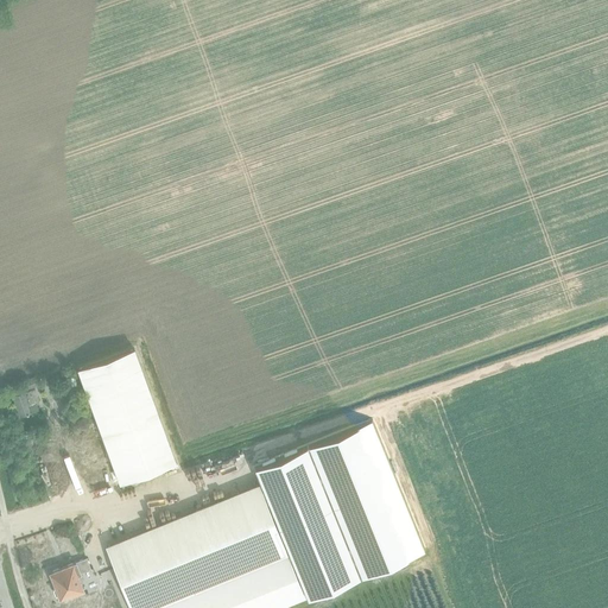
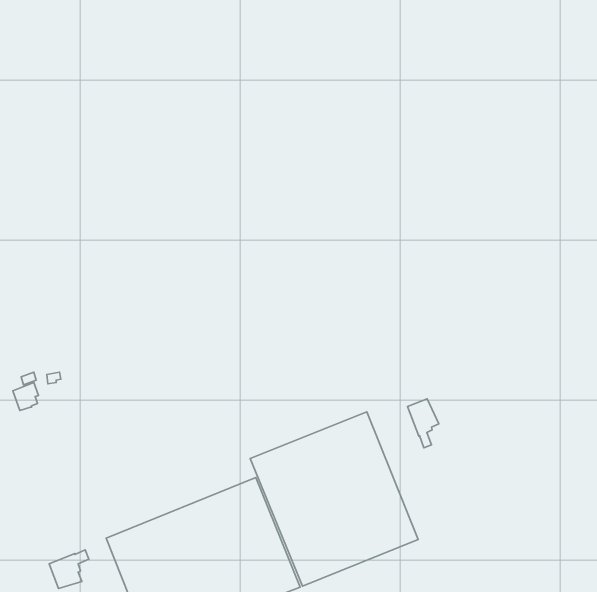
building: [77,353,176,488] -> none
building: none -> [407,399,439,448]

